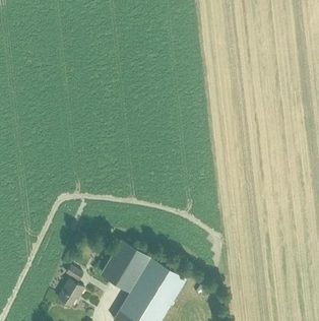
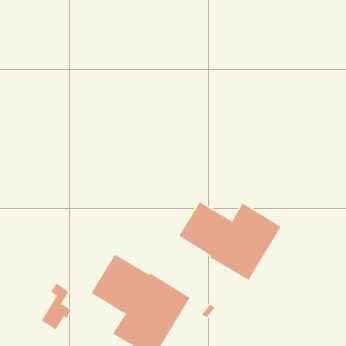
building: none -> [178,201,282,281]

